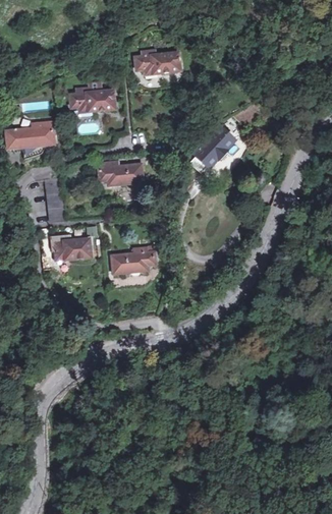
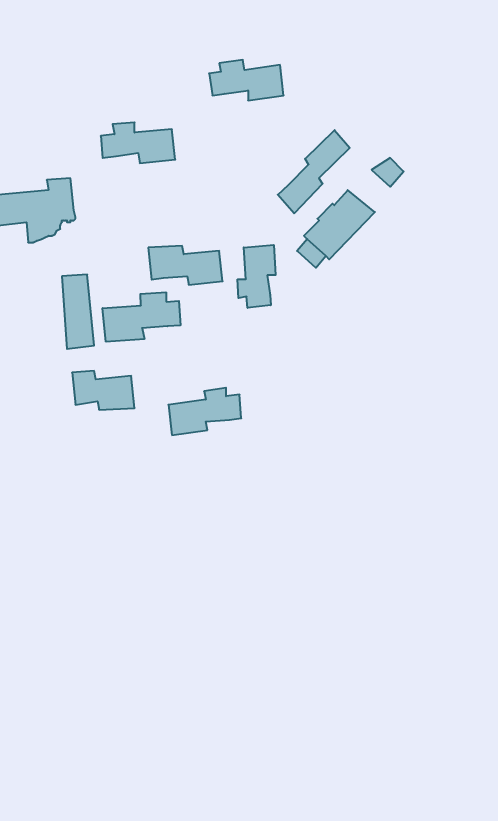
building: none -> [278,130,350,213]
building: none -> [238,245,276,308]
building: none -> [103,292,180,342]

